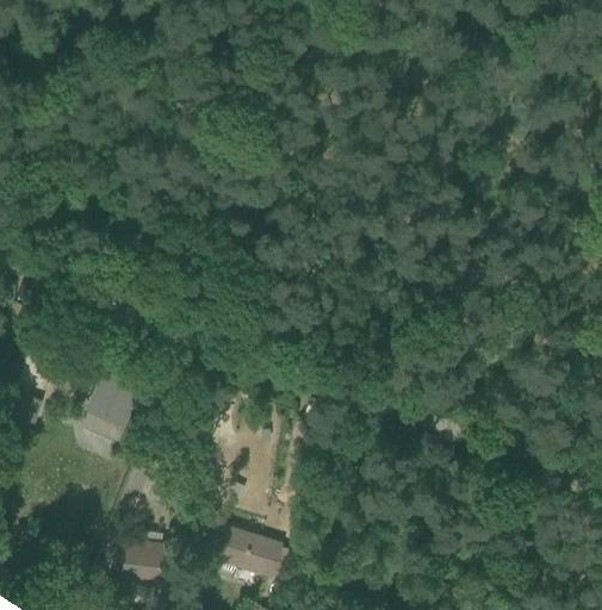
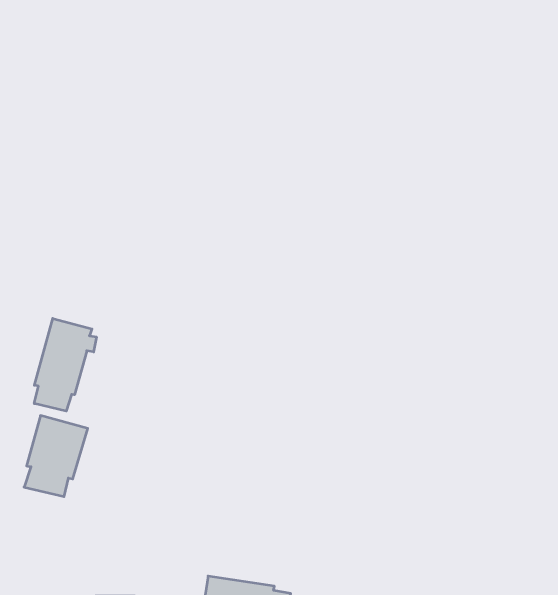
building: none -> [34,318,96,411]

